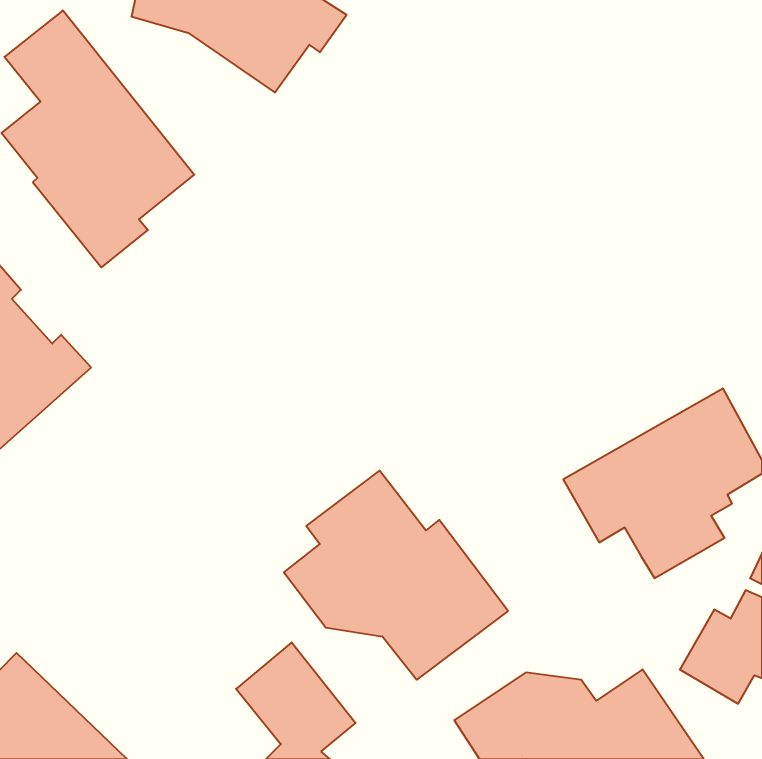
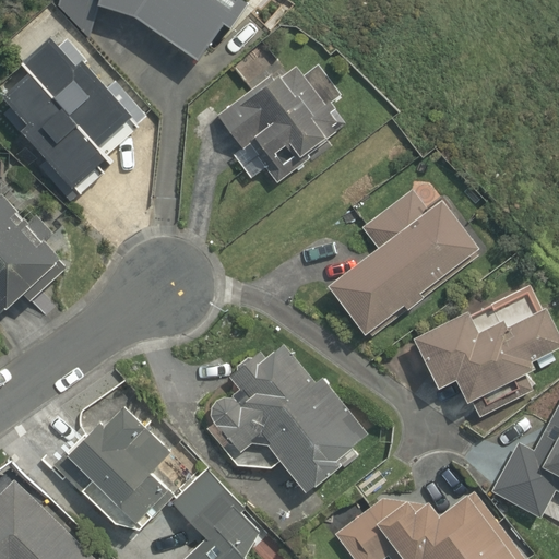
building: none -> [222,56,337,168]
building: none -> [329,173,483,340]
building: none -> [50,411,174,542]

